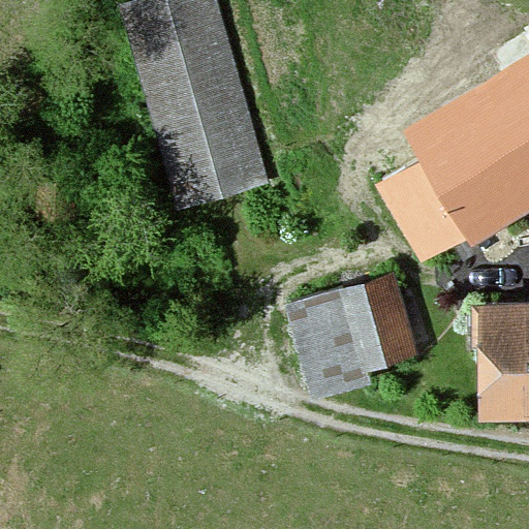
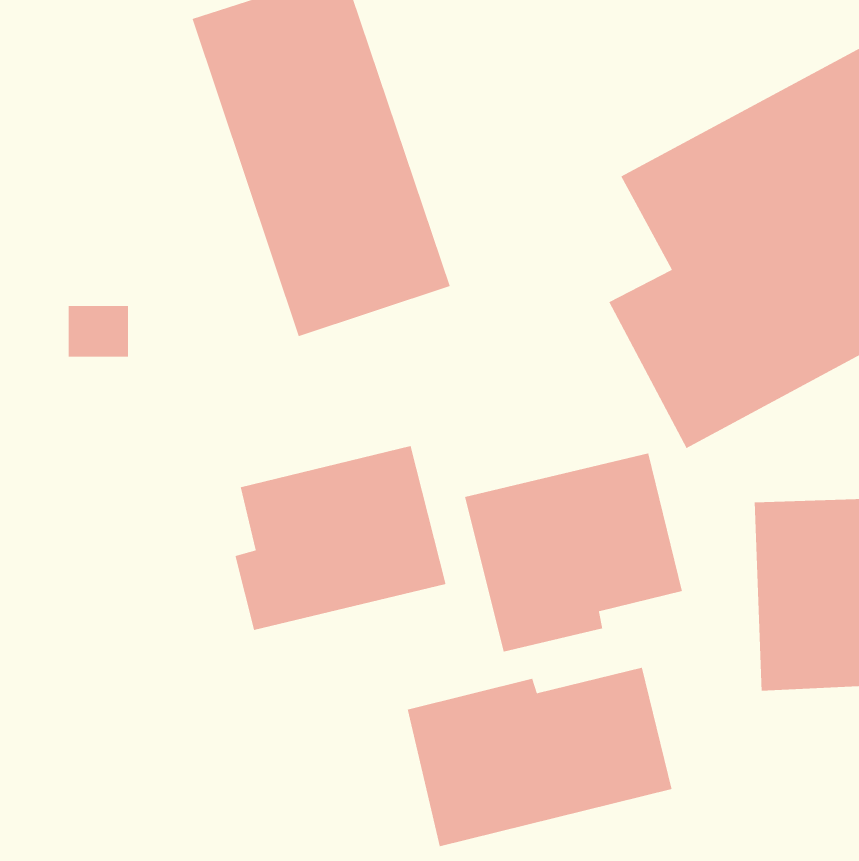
building: none -> [234,445,446,631]
building: none -> [407,667,672,847]

